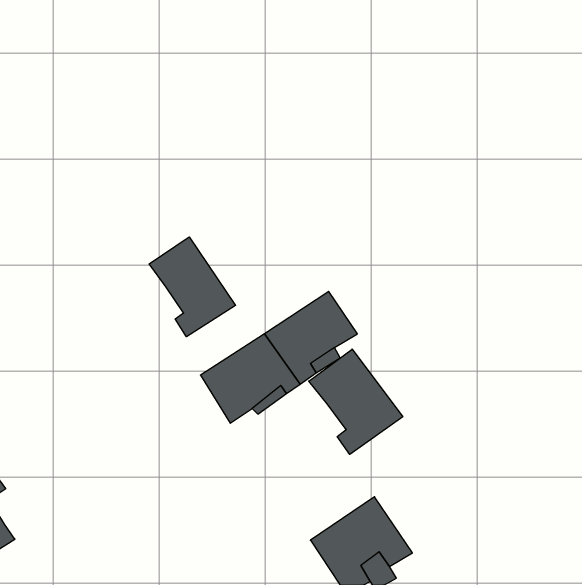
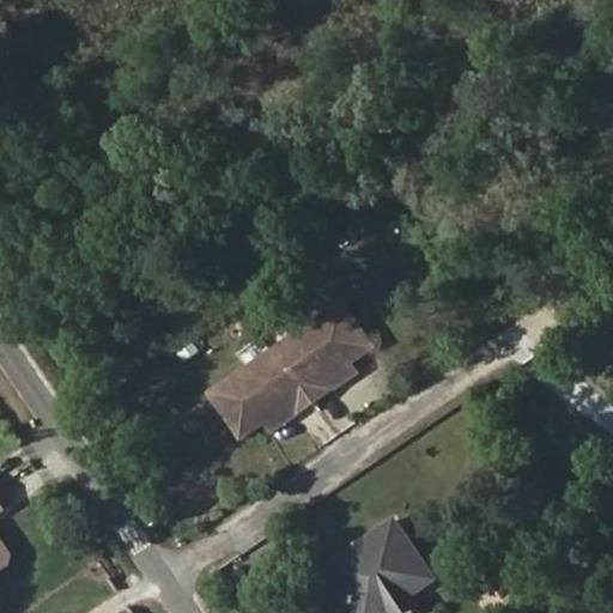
building: [149,237,236,337] -> none
building: [309,349,403,454] -> none

